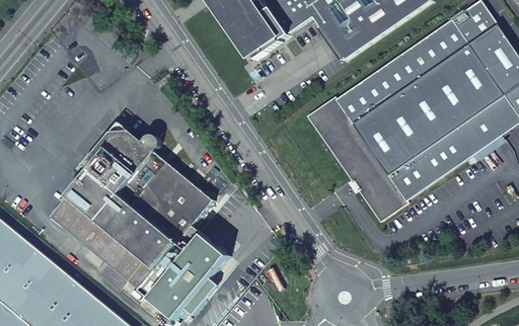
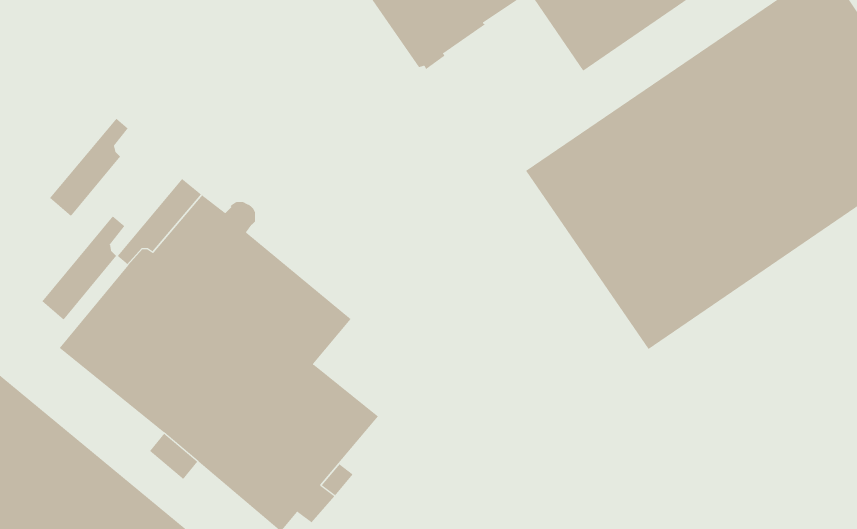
building: none -> [49,118,129,217]
building: none -> [42,215,125,320]

